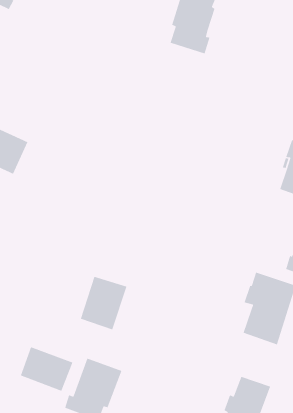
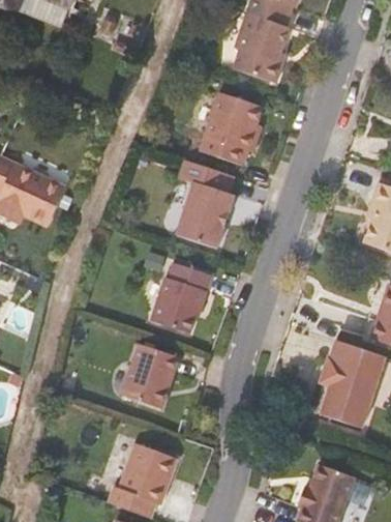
building: none -> [200,91,263,165]
building: none -> [176,160,234,248]
building: none -> [151,262,212,332]
building: [20,346,74,392] -> none

